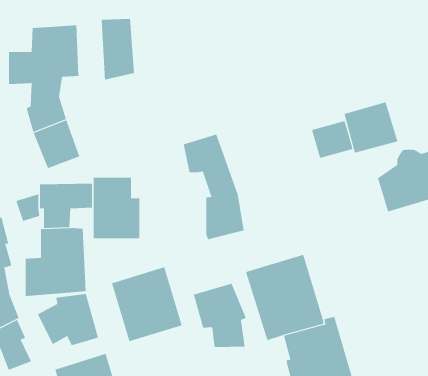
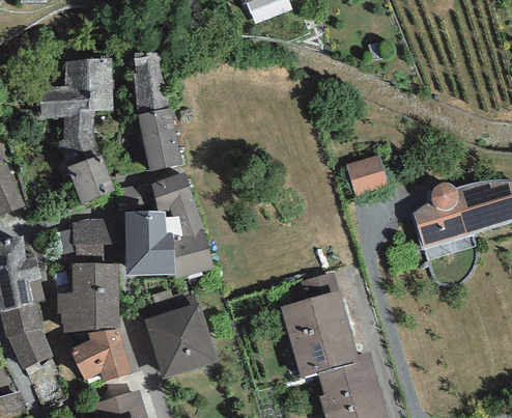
building: none -> [137,107,181,171]
building: [344,101,398,154] -> none
building: [183,134,245,240] -> [150,172,212,279]
building: [193,283,246,348] -> none

